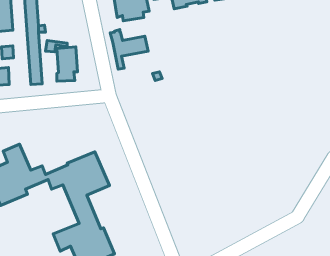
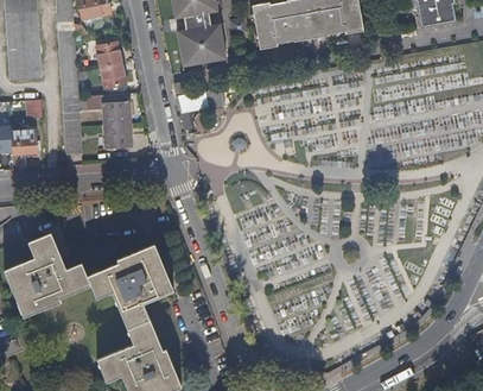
building: none -> [95,43,123,88]

